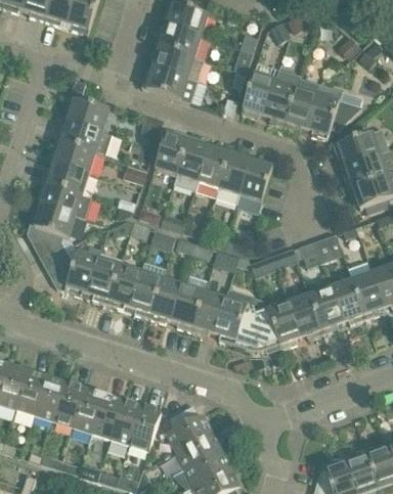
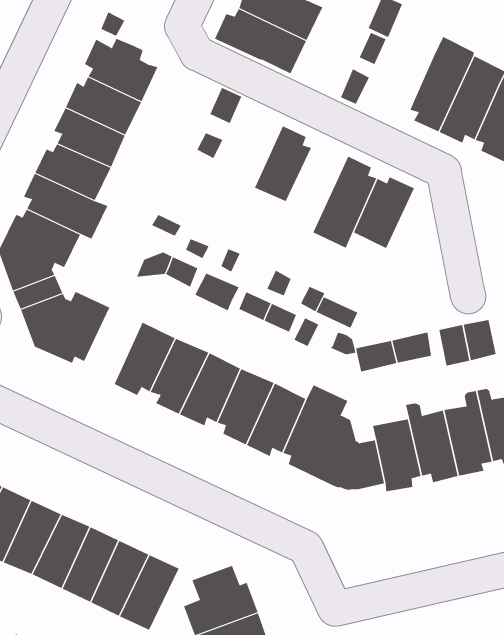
building: [242,73,275,117] -> none
building: [155,129,189,174] -> none
building: [194,142,231,196] -> none
building: [88,252,122,304] -> none

